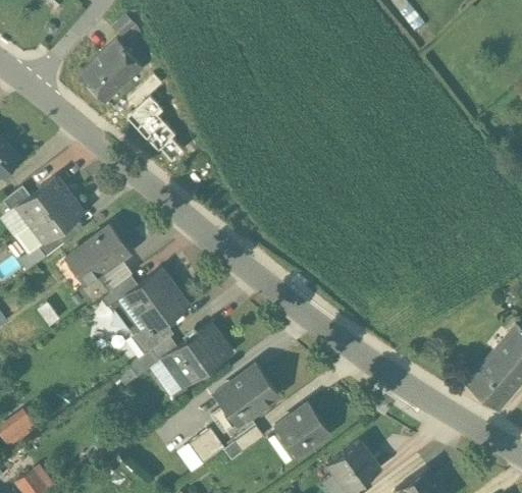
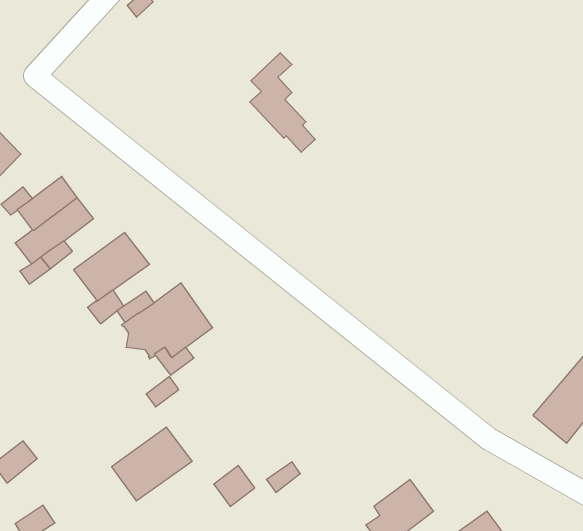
building: [80,42,143,105] -> none
building: [126,76,184,163] -> [250,53,315,152]
building: [161,326,231,390] -> [112,427,192,501]
building: [215,366,278,426] -> none
building: [274,402,331,457] -> none

